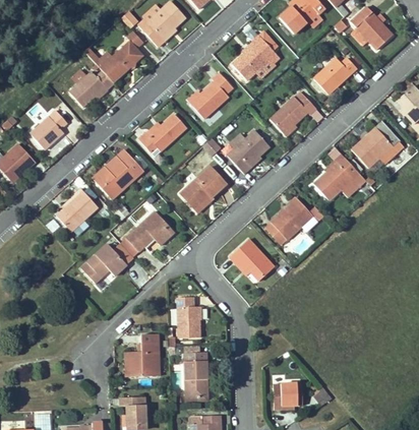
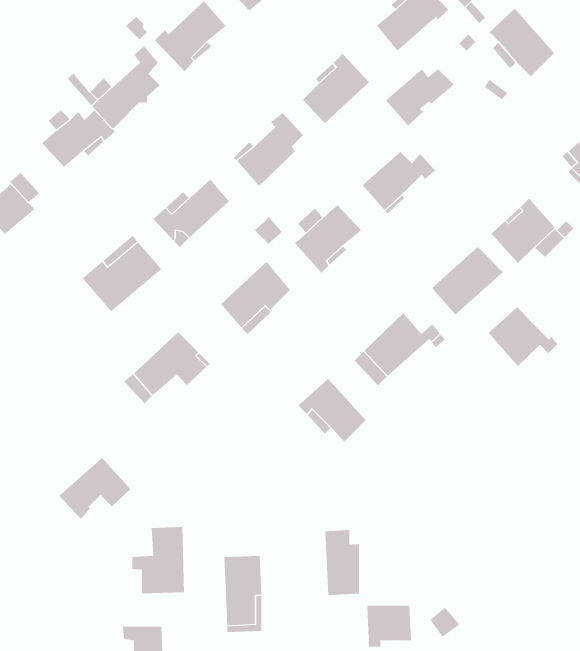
building: [314,58,358,95] -> [385,68,454,126]
building: [57,191,99,231] -> none
building: none -> [488,306,558,367]
building: [81,245,127,285] -> [59,457,131,520]
building: [177,296,199,337] -> [324,529,360,595]

